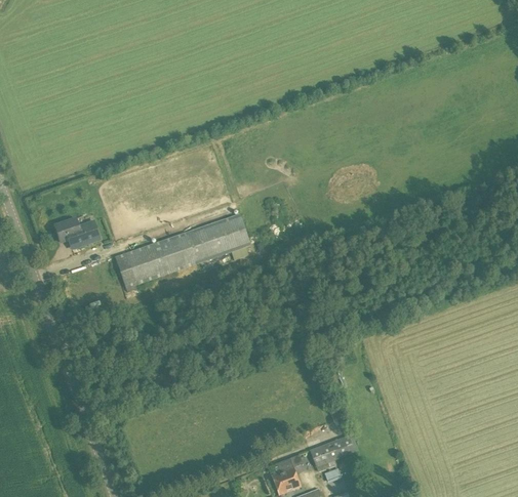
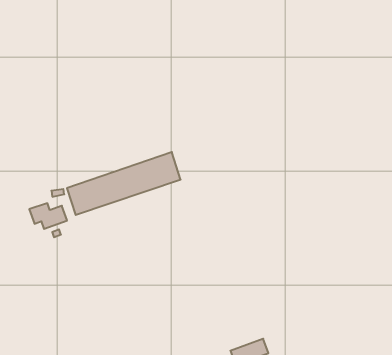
building: [54,218,99,249] -> [29,203,67,229]

